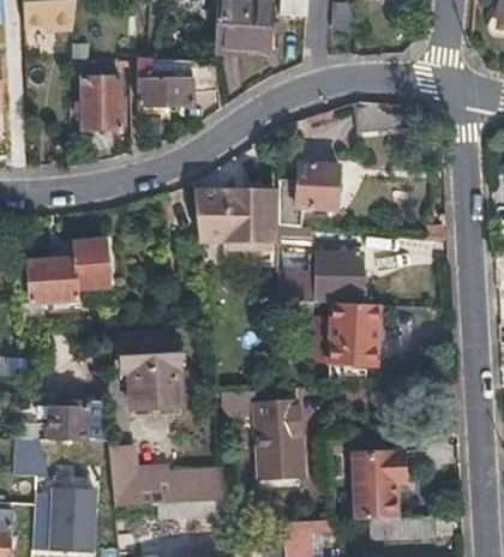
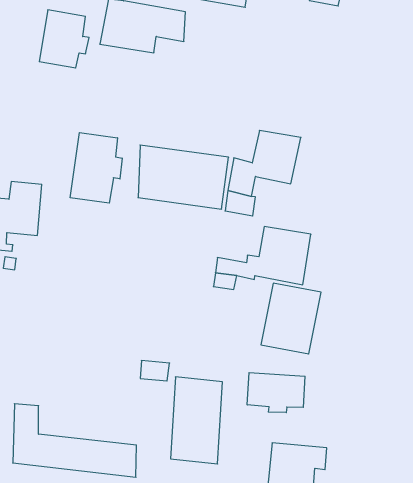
building: none -> [70,133,122,203]
building: [120,336,182,409] -> none
building: none -> [247,373,305,413]

